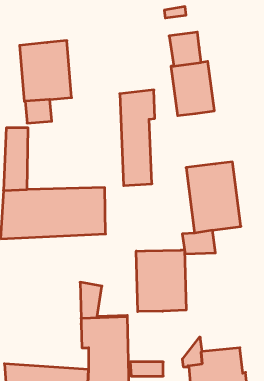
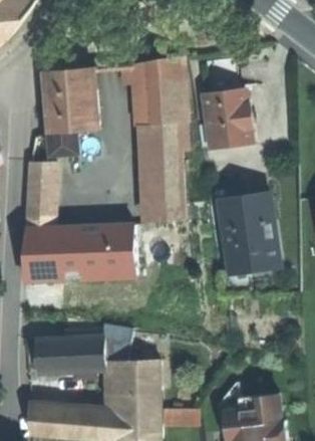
building: none -> [133,56,185,126]
building: [136,250,186,312] -> none
building: none -> [32,334,102,375]

